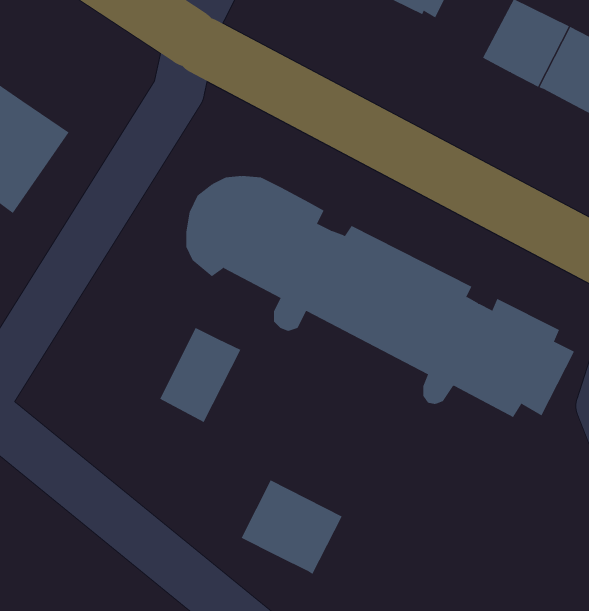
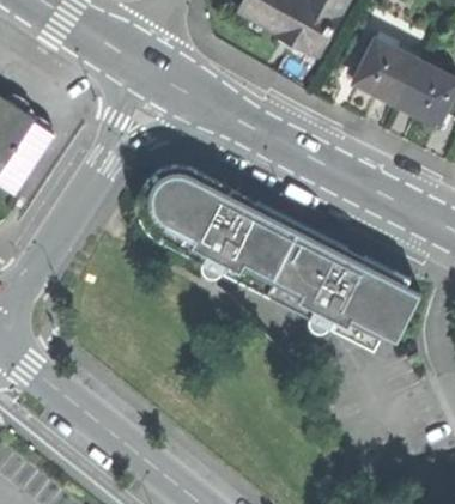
building: [159,327,241,423] -> none
building: [241,479,343,575] -> none

